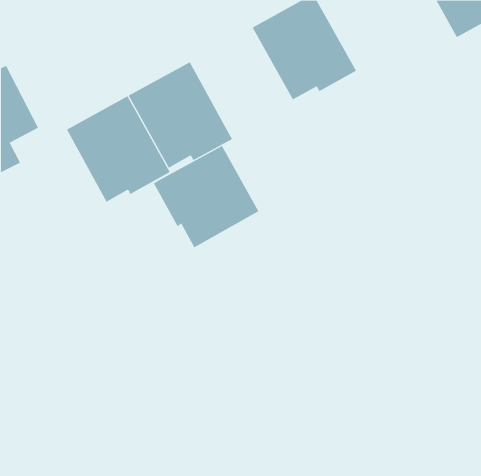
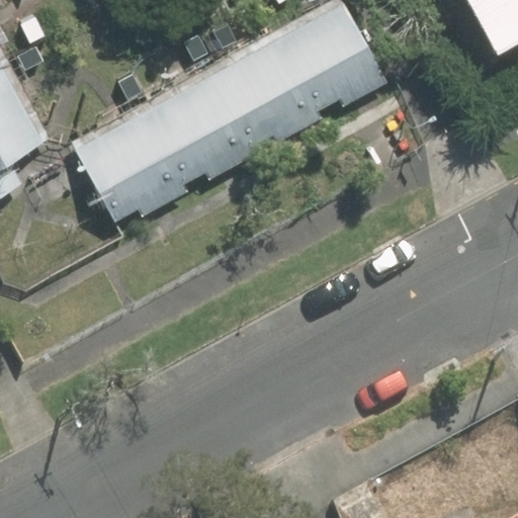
building: none -> [206,37,318,152]
building: [153,145,259,248] -> none

